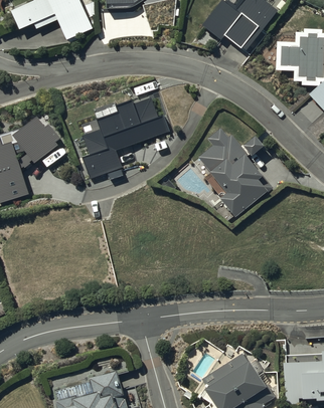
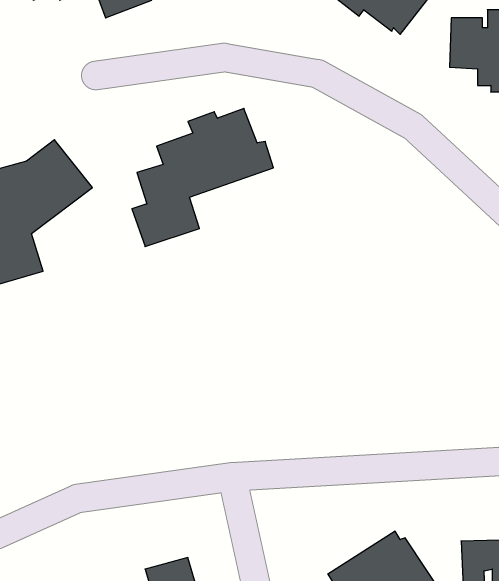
building: [198,128,274,216] -> none

